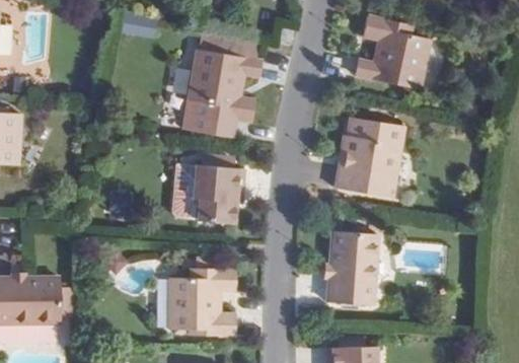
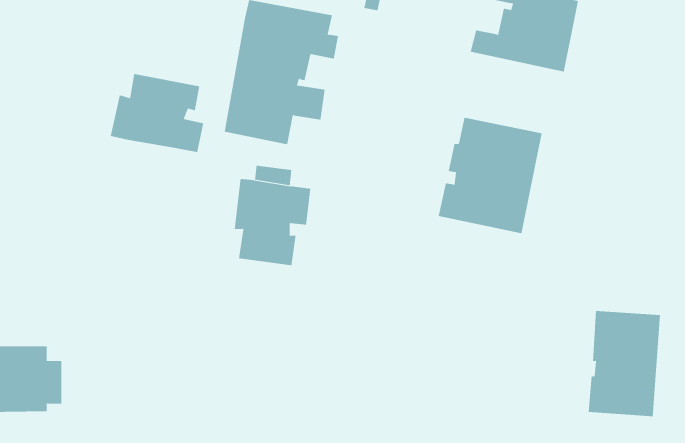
building: none -> [110,73,204,153]
building: [327,231,378,305] -> [588,310,661,417]
building: [166,271,233,331] -> none

